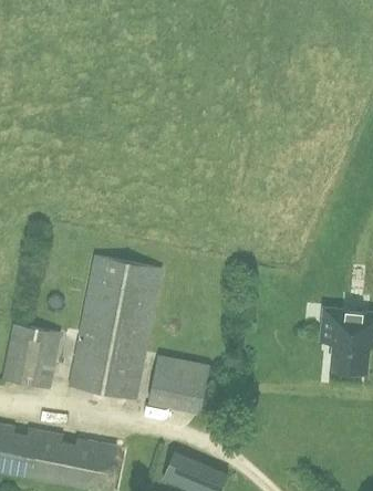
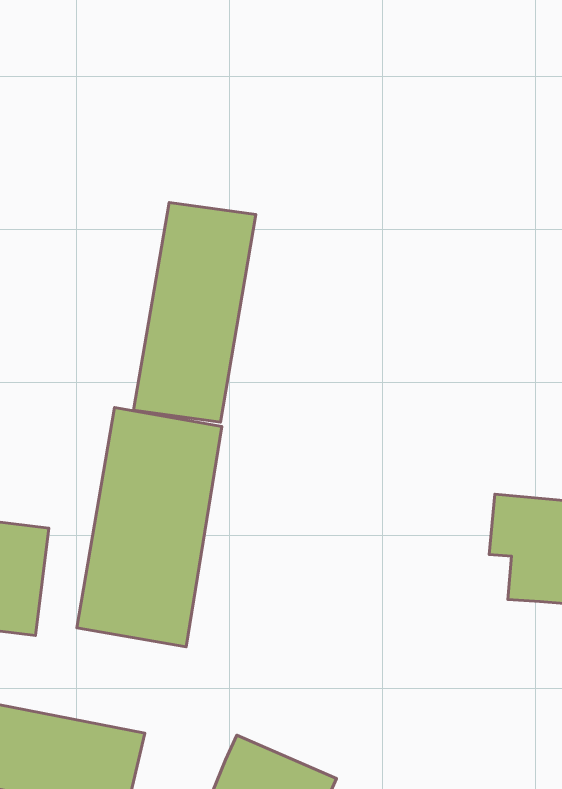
building: none -> [134,202,256,422]
building: [146,355,208,414] -> none

